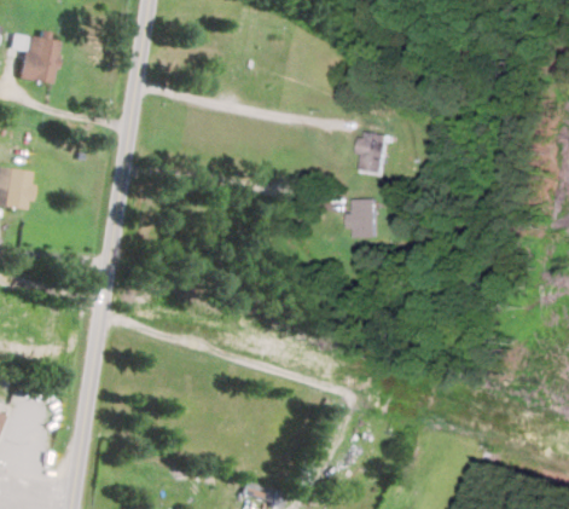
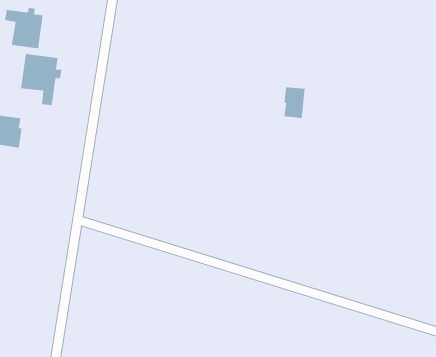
building: none -> [20,53,62,106]
building: [352,199,381,238] -> none

